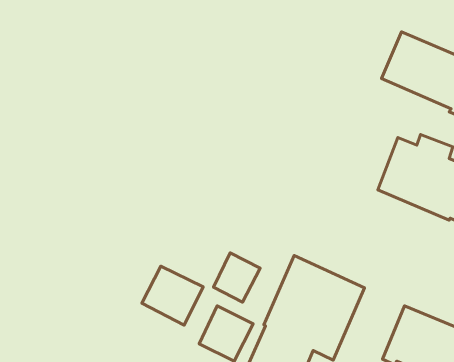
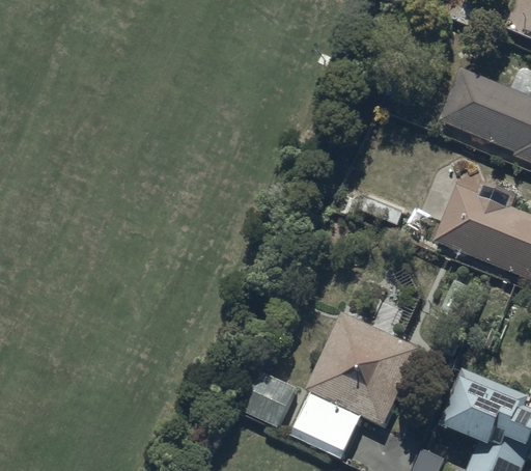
building: [213,253,260,302] -> none
building: [142,266,203,325] -> none

